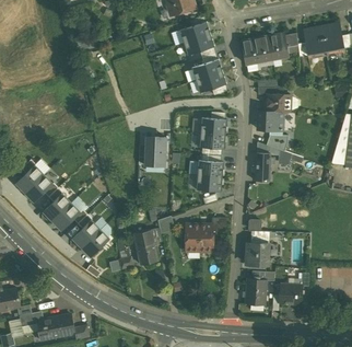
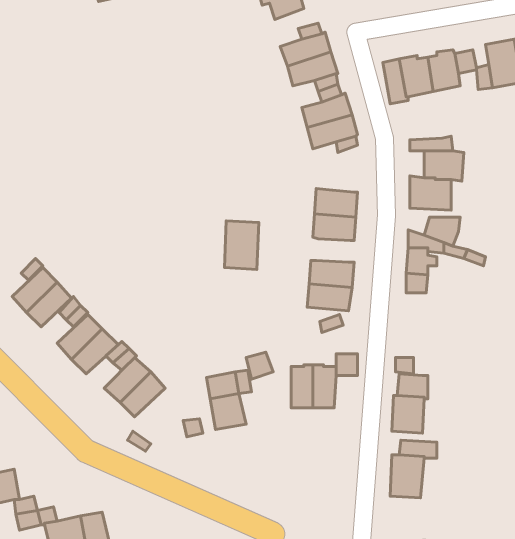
building: [278,284,302,303] -> none

